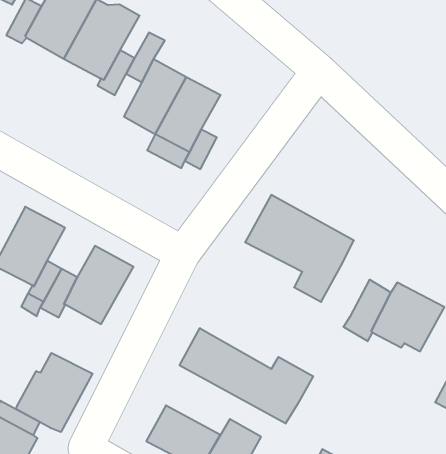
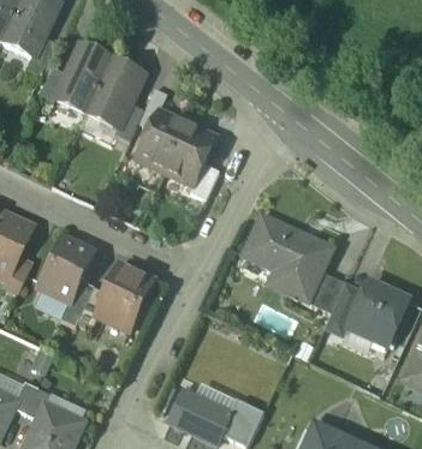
building: none -> [307,269,344,310]
building: [180,328,313,424] -> none
building: [16,353,93,432] -> none

